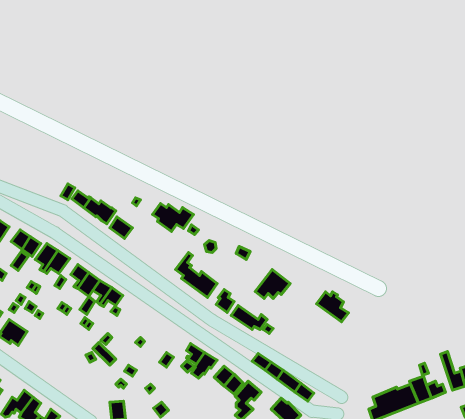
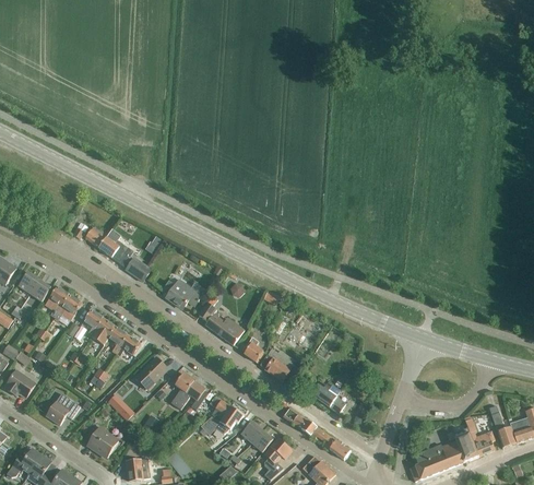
building: [153,203,193,231] -> [161,277,205,308]
building: [316,292,348,322] -> [310,379,345,412]
building: none -> [135,356,167,388]
building: none -> [170,372,204,409]
building: none -> [45,392,80,424]
building: none -> [86,427,118,457]

